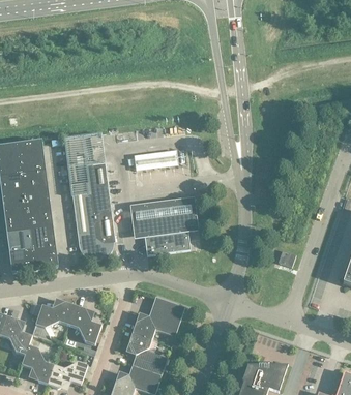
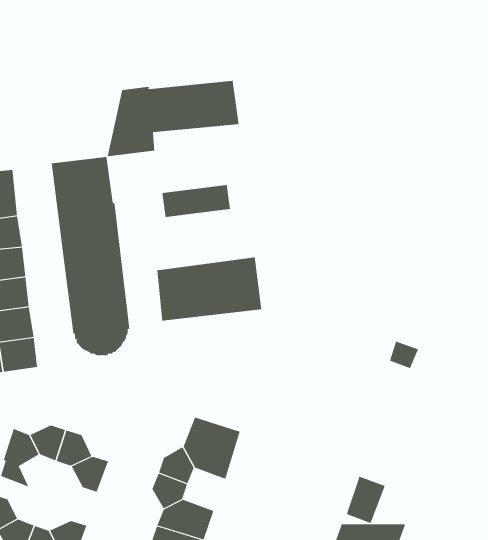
building: none -> [107,77,239,157]
building: [144,231,189,254] -> none
building: none -> [346,476,385,524]

